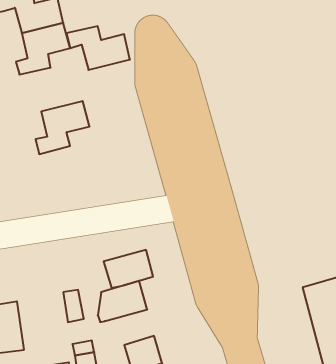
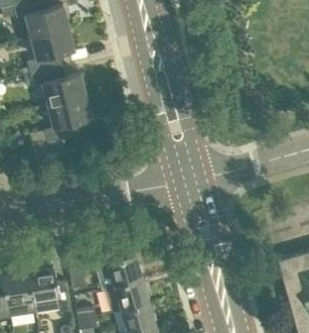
building: [67,26,130,70] -> [30,68,86,106]
building: [104,250,153,288] -> [105,280,148,313]
building: none -> [28,267,59,315]

